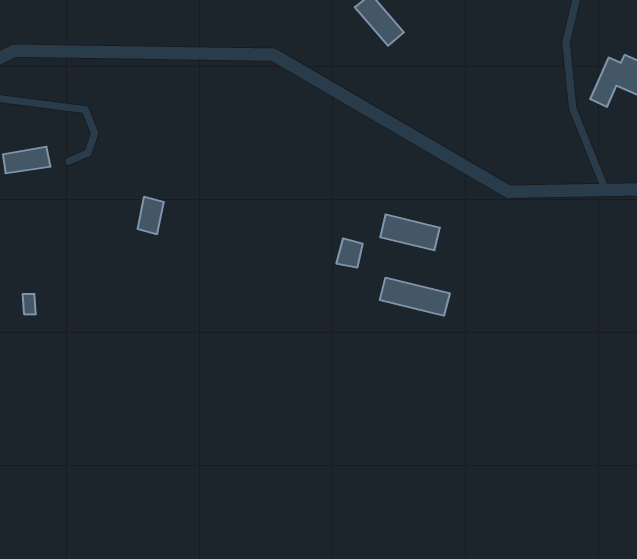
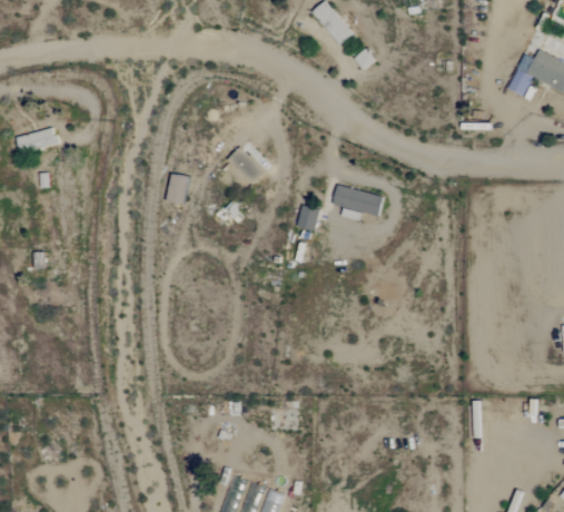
building: none -> [227,148,264,184]
building: [137,197,164,234] -> [167,174,189,205]
building: [380,278,450,316] -> none

